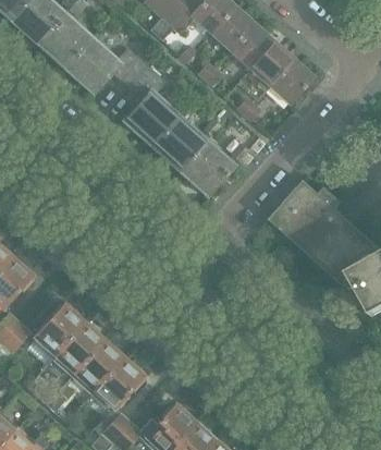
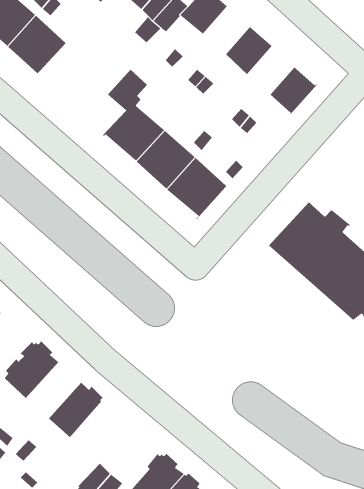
building: [211,5,254,49] -> none
building: [63,39,147,94] -> none
building: [250,41,293,85] -> none
building: [54,320,103,373] -> none
building: [94,357,144,408] -> none

